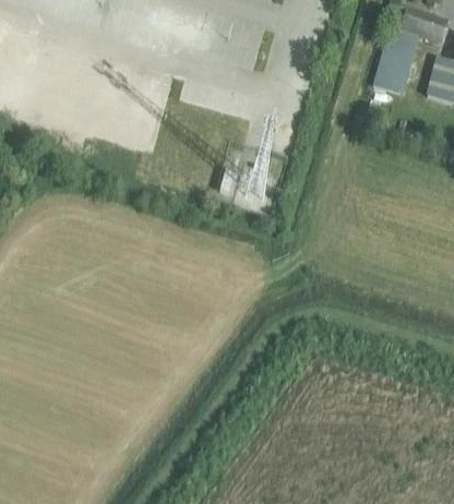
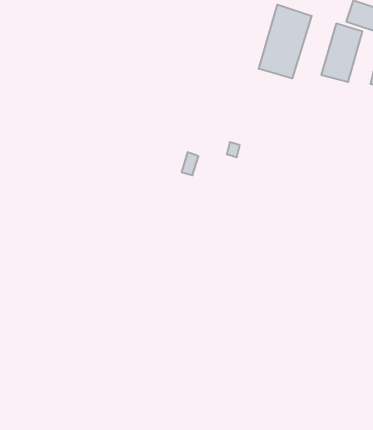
building: none -> [259,5,312,78]

